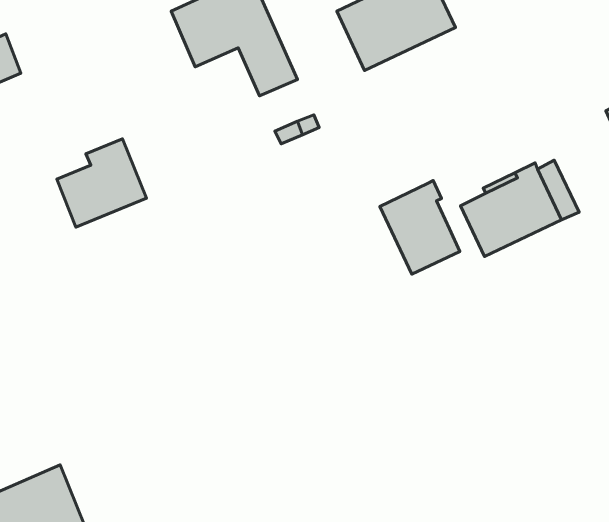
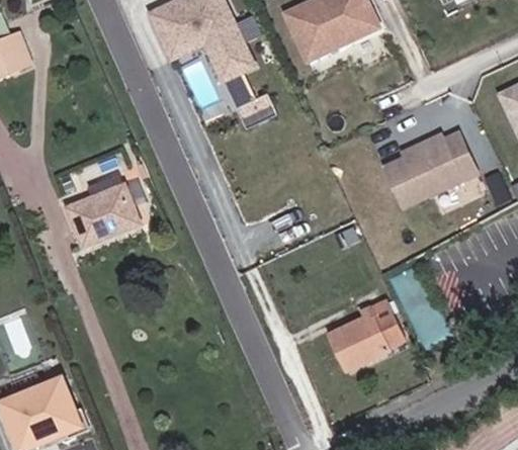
building: [57,139,146,227] -> [67,174,139,245]
building: [380,181,460,274] -> none
building: none -> [329,297,405,369]

